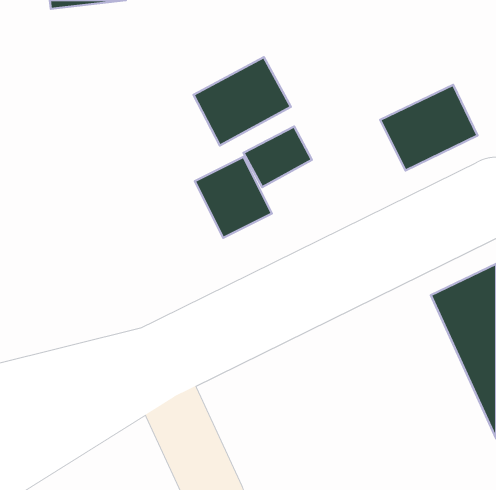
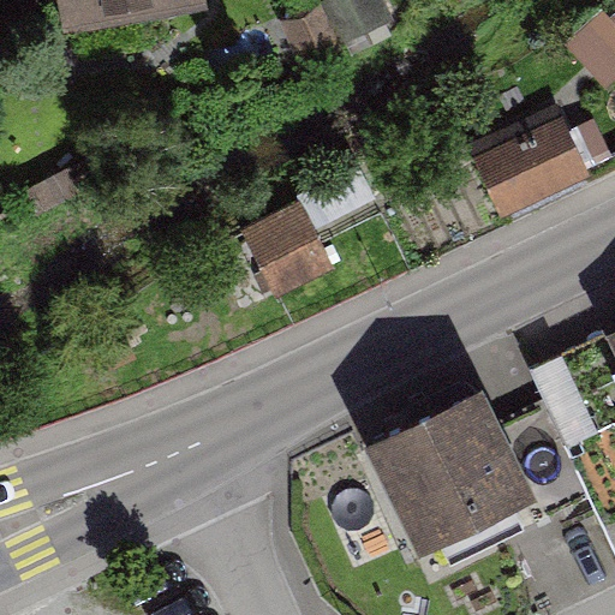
building: [193,57,291,145] -> none
building: none -> [369,393,533,551]

